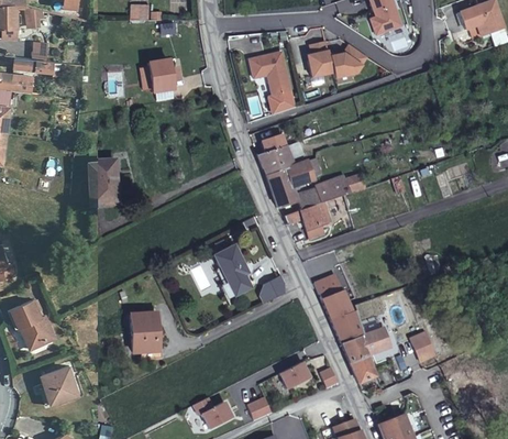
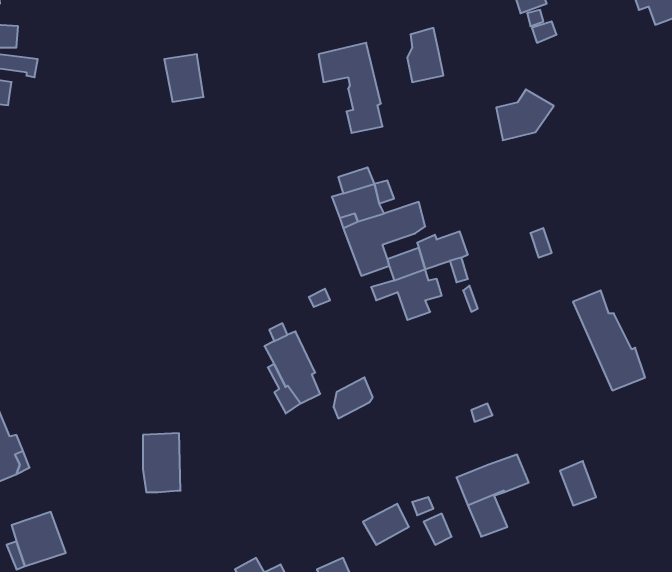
building: [330,45,368,79] -> [496,89,554,140]
building: [90,160,117,202] -> none
building: [316,276,364,343] -> [573,290,645,390]

